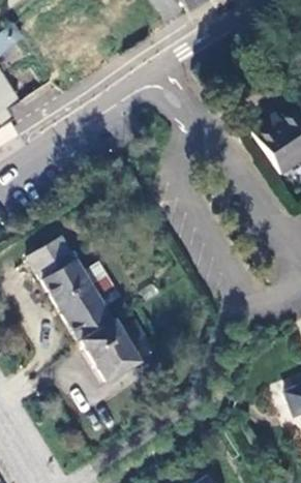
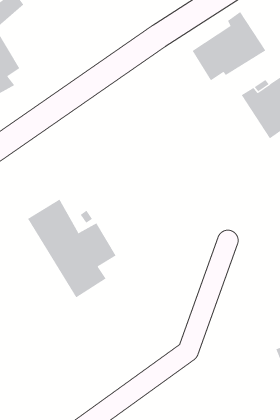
building: none -> [192,11,266,81]
building: [80,322,153,384] -> none

